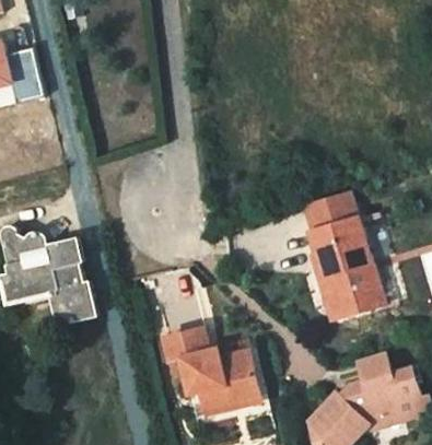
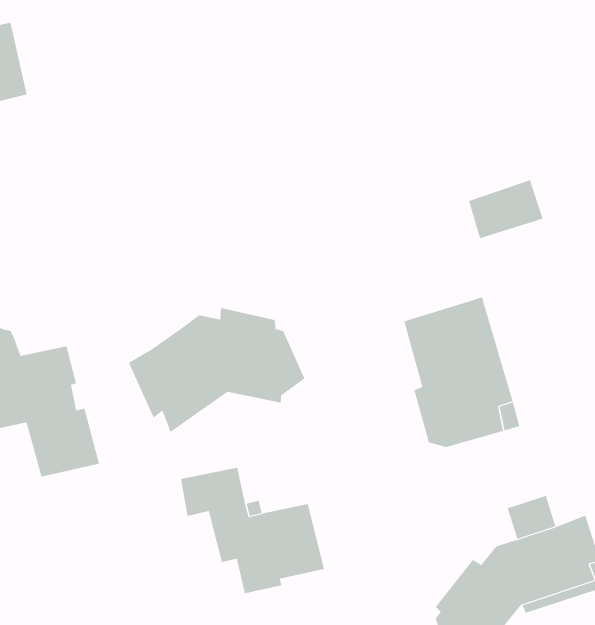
building: [293,192,343,232] -> [468,180,544,239]
building: none -> [128,307,305,433]

